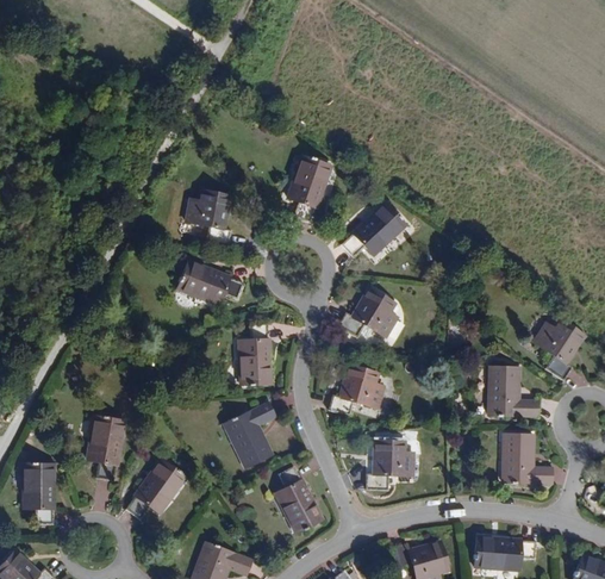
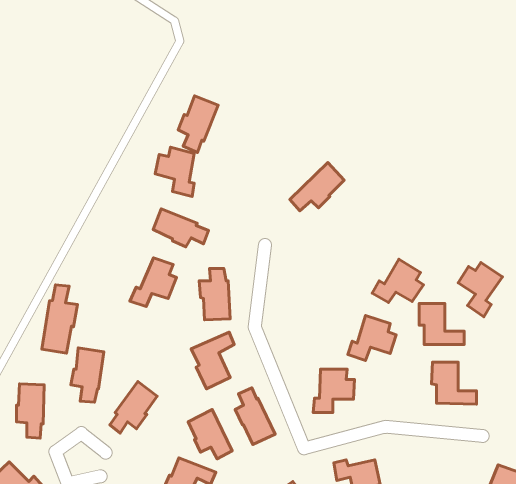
building: [288,155,335,220] -> [178,96,218,152]
building: [339,290,399,340] -> [372,259,423,302]
building: none -> [130,258,177,306]
building: none -> [42,285,77,353]
building: [328,366,383,418] -> [348,315,396,361]
building: none -> [188,410,232,459]
building: [472,537,535,571] -> none

